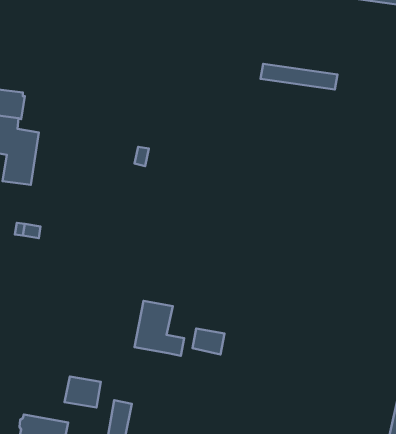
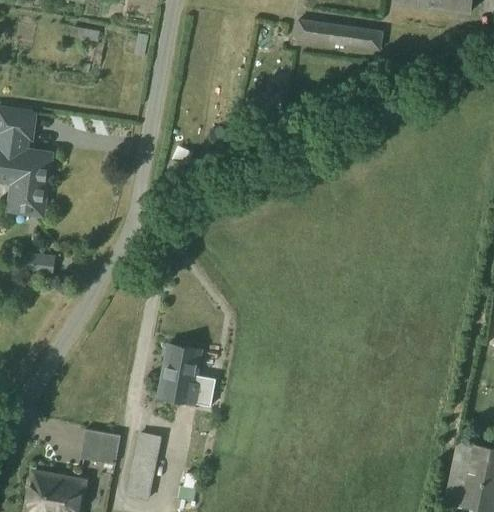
building: [260,64,338,90] -> [295,20,382,49]
building: [192,328,224,354] -> none
building: none -> [135,432,160,460]

